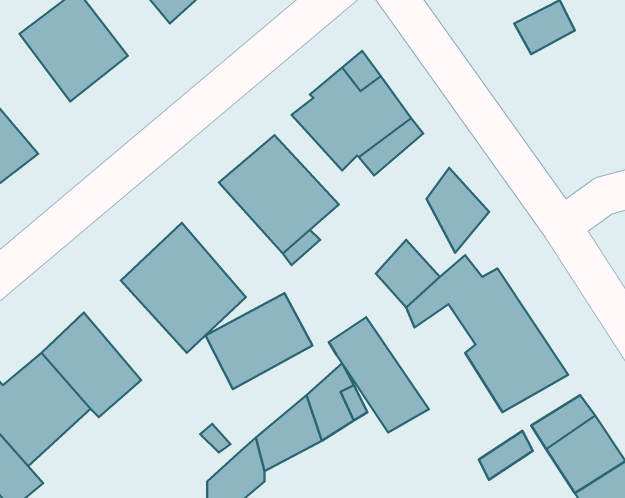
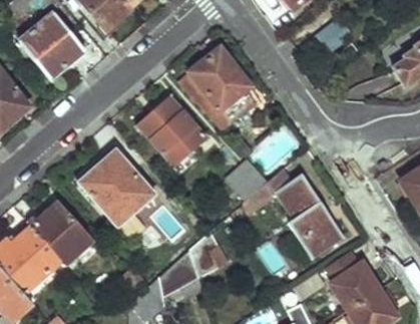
building: [427,168,489,253] -> none
building: [205,293,313,389] -> none
building: [329,317,429,432] -> none

